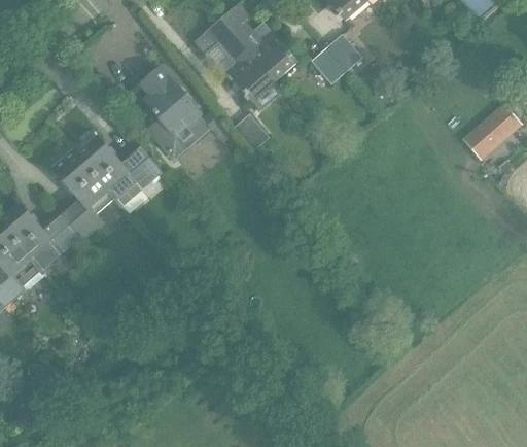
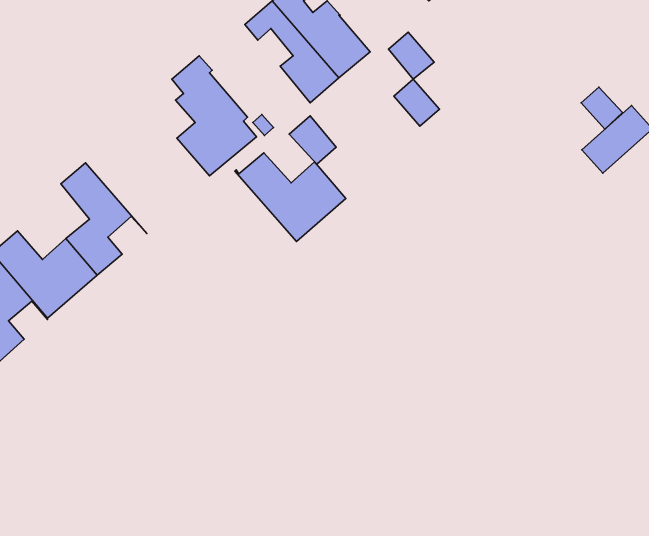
building: [327,34,363,71] -> [394,79,439,126]
building: none -> [581,87,623,129]
building: [73,136,161,206] -> [235,153,346,242]

